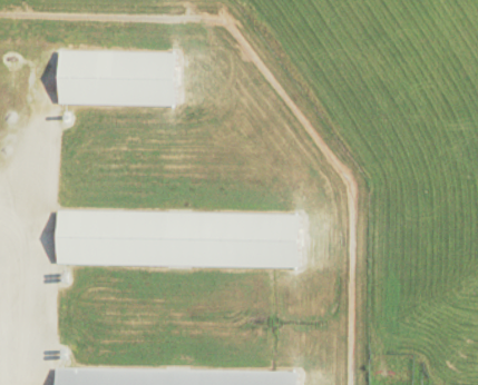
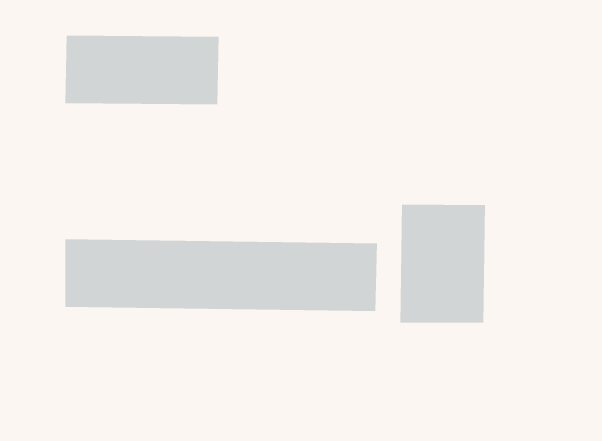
building: none -> [400,204,485,324]

